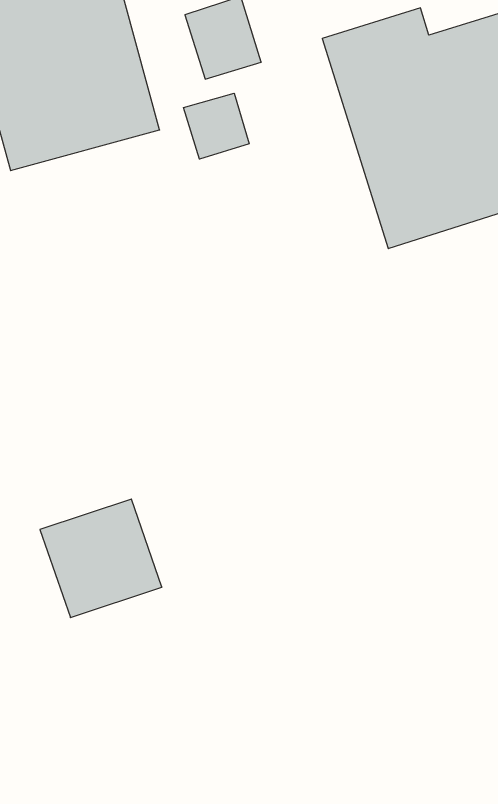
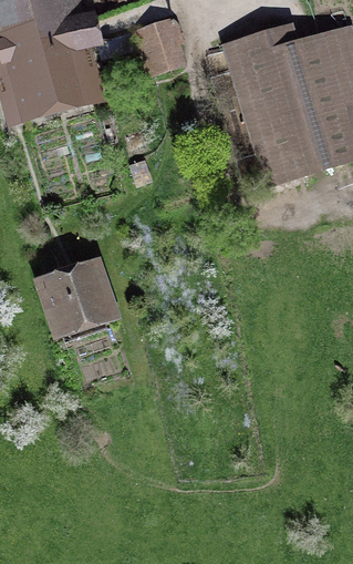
building: [184,93,249,159] -> none
building: [40,499,162,618] -> [32,258,112,336]

